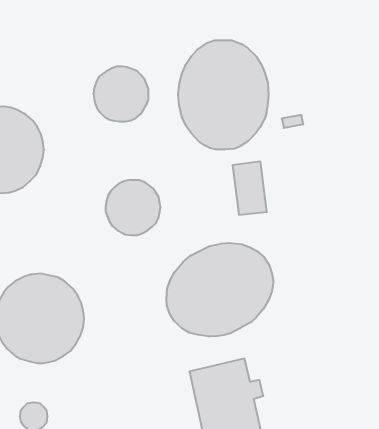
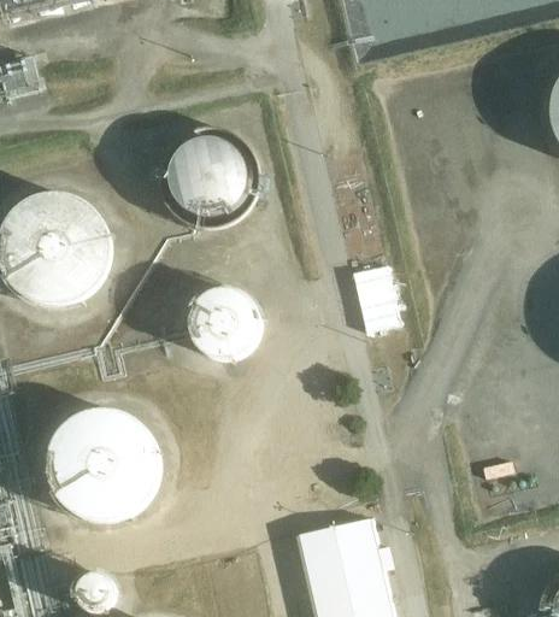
building: [178,40,269,150] -> none
building: [167,243,273,337] -> none

